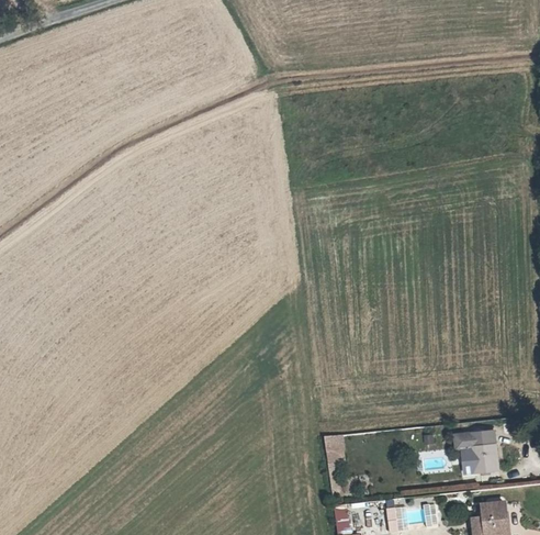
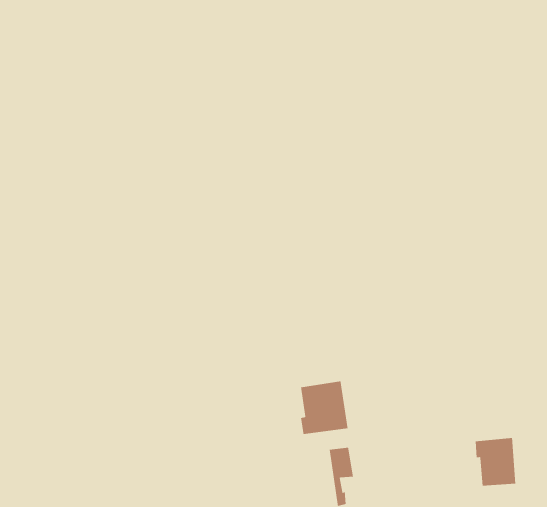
building: none -> [301,381,348,435]

